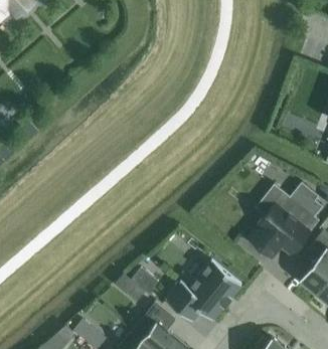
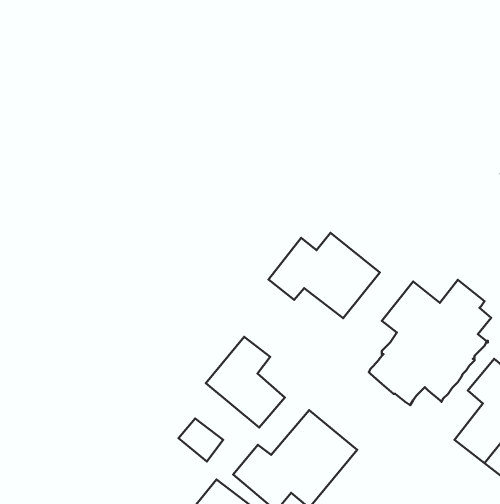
building: none -> [269,233,380,318]
building: none -> [206,337,285,428]

